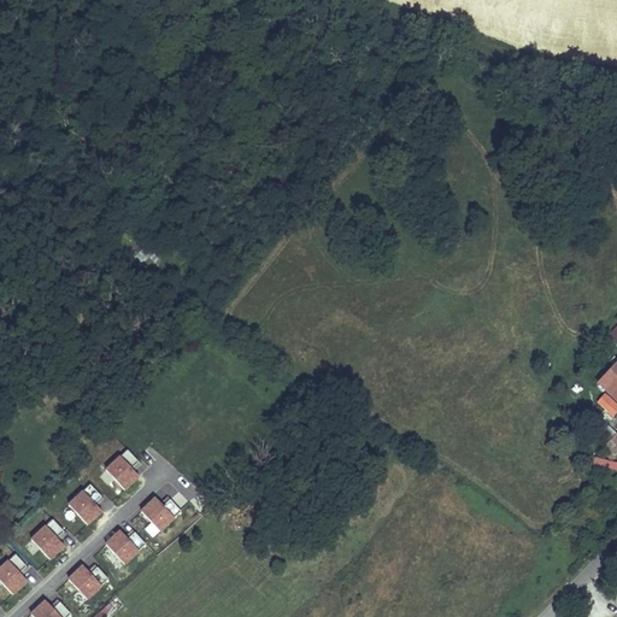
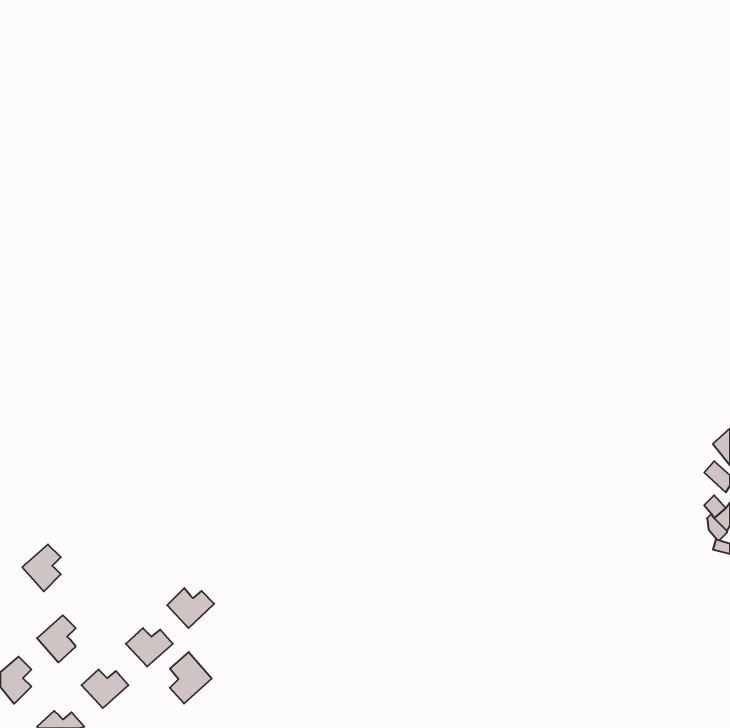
building: [106,449,139,489] -> none
building: [69,484,101,524] -> [22,544,61,591]
building: none -> [170,652,212,704]

